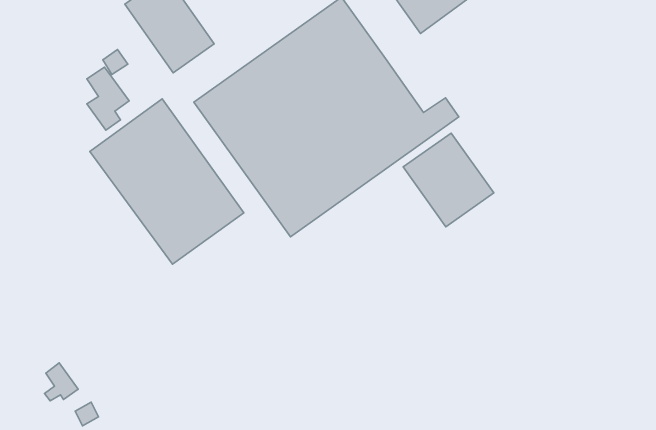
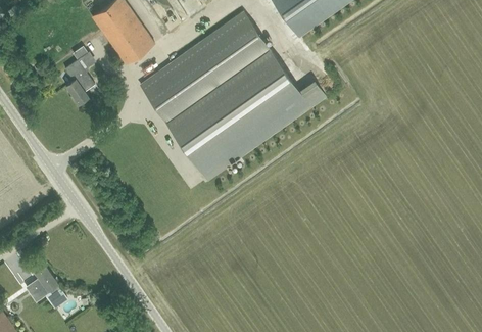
building: [90,99,244,264] -> none
building: [403,133,494,227] -> none

